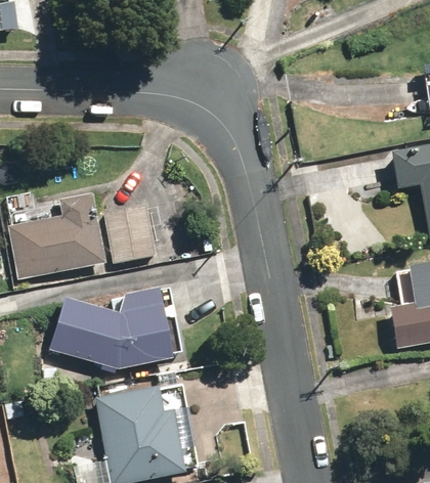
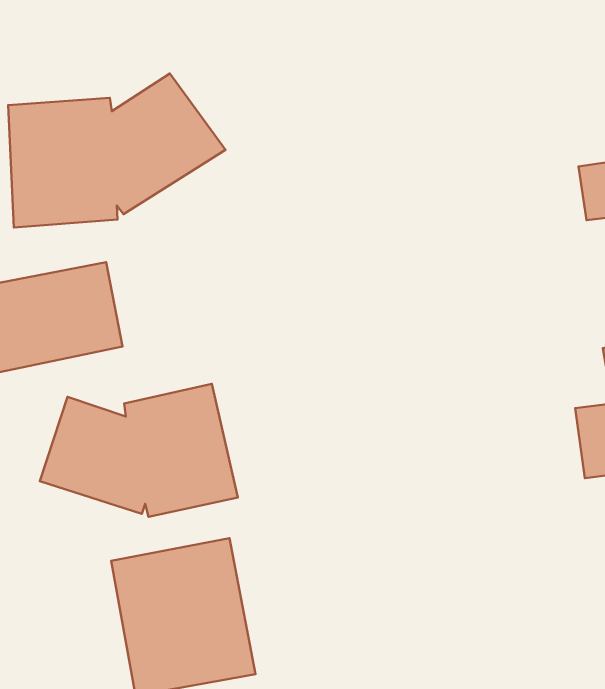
building: none -> [8,74,226,228]
building: [106,206,156,260] -> none

